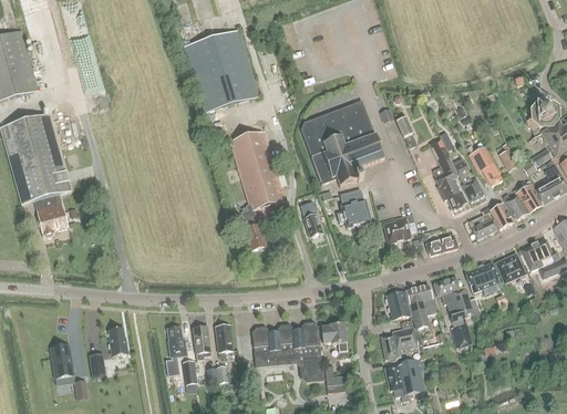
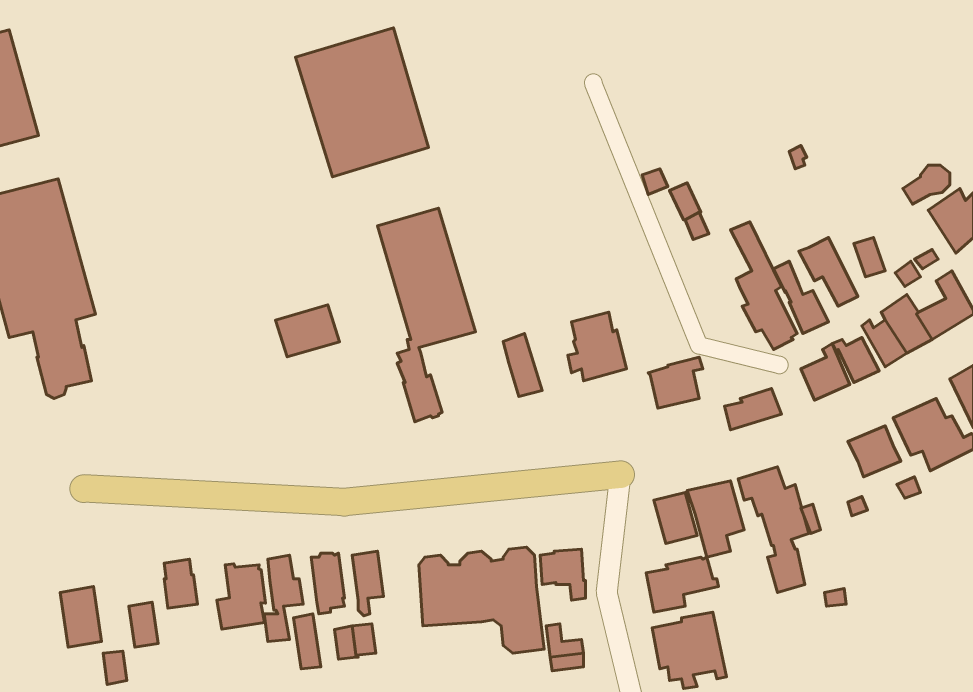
building: [300,100,384,185] -> none
building: none -> [275,305,339,357]
building: [465,262,498,291] -> none
building: none -> [217,564,266,629]

